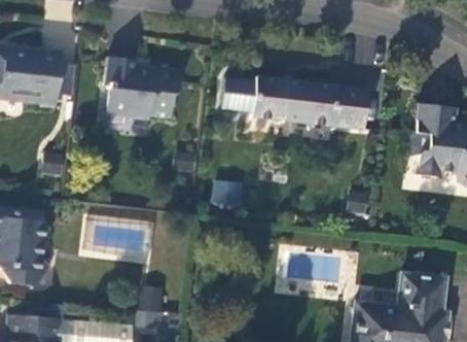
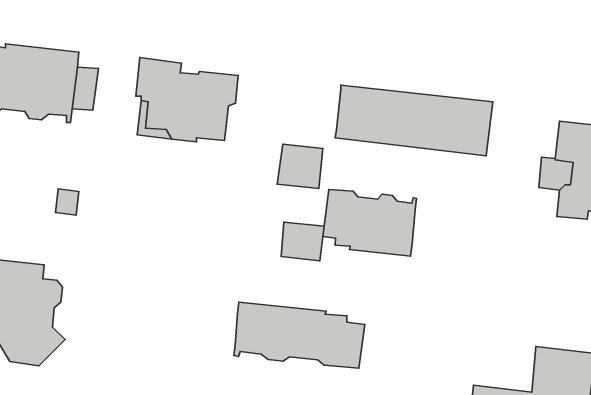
building: [222,77,256,110] -> [277,144,323,188]
building: none -> [323,189,416,256]
building: none -> [234,302,365,368]

